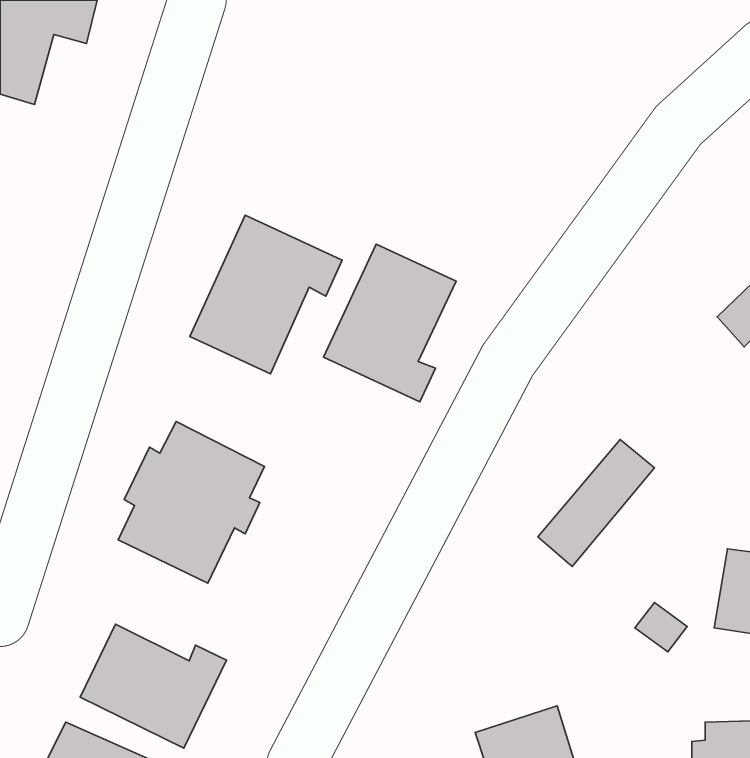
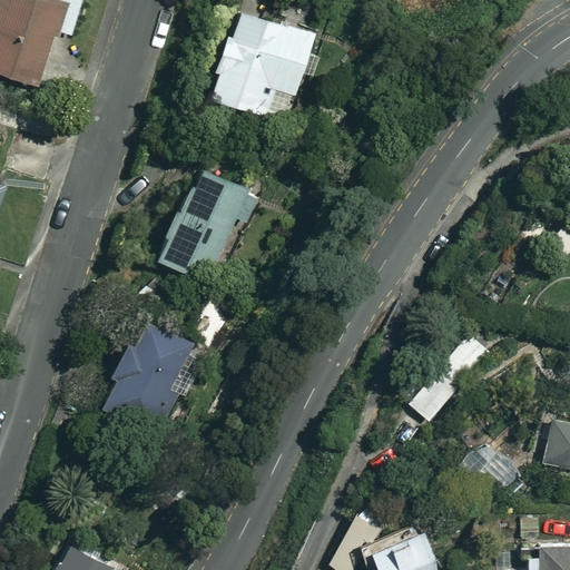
building: none -> [205,9,320,118]
building: [323,244,456,402] -> none
building: [80,624,226,748] -> none

